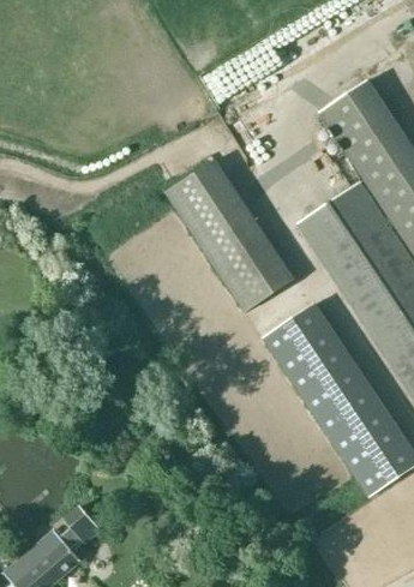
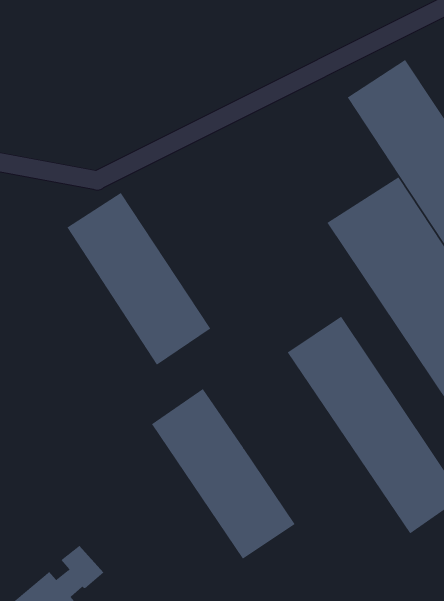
building: [166,160,293,312] -> [67,192,211,365]
building: none -> [151,388,296,560]

